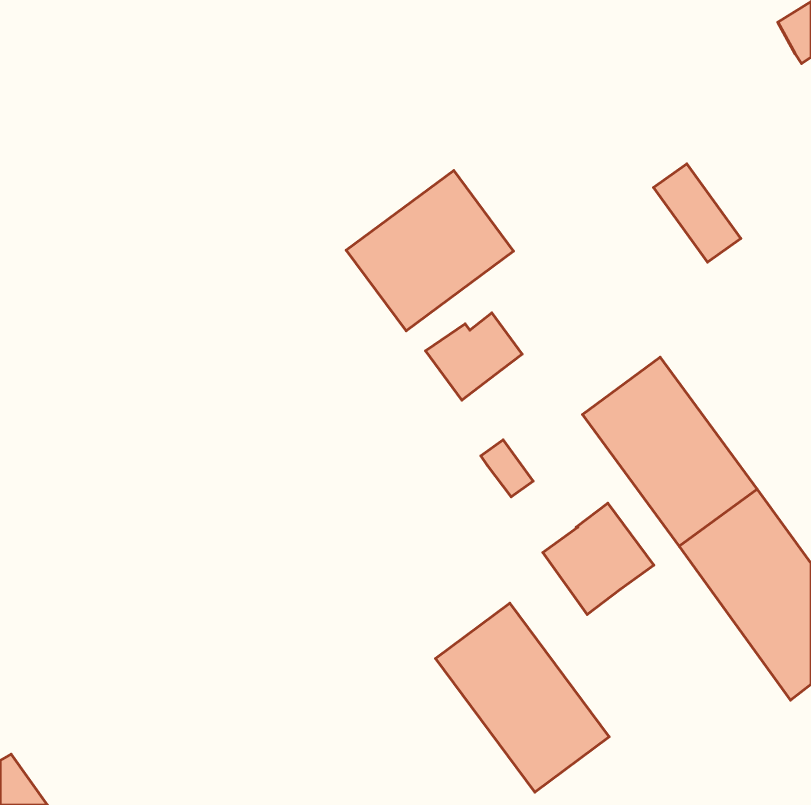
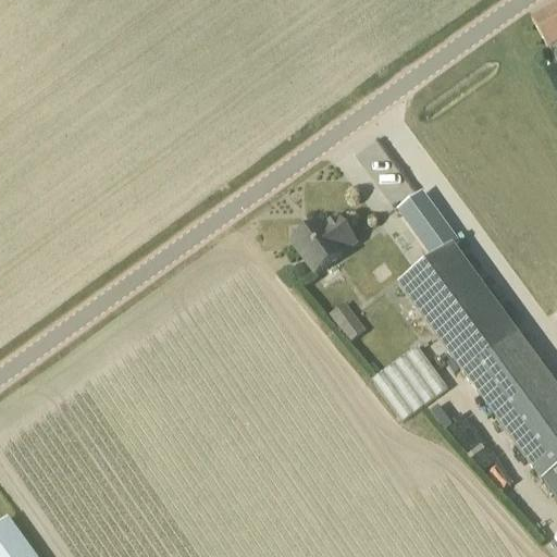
building: [654,164,741,262] -> [398,185,458,252]
building: [346,171,513,331] -> none
building: [436,603,609,792] -> none

